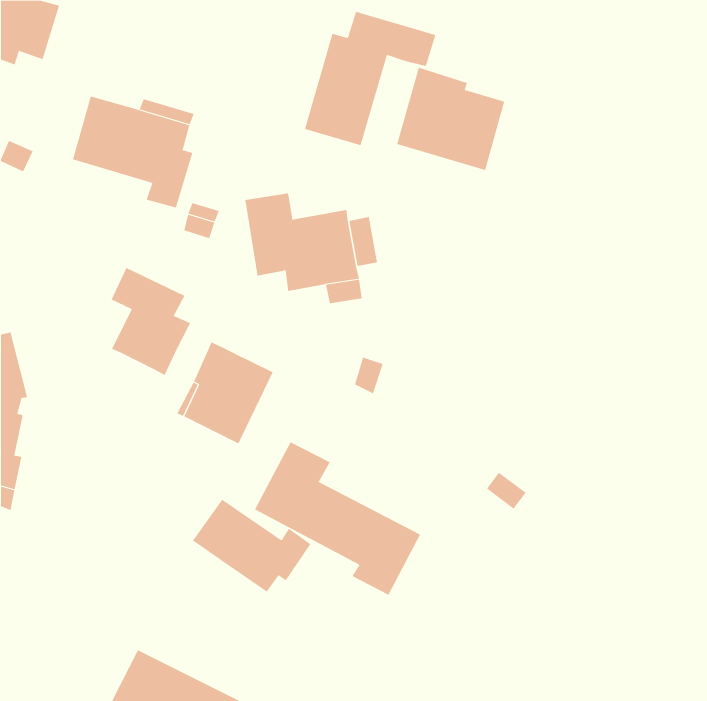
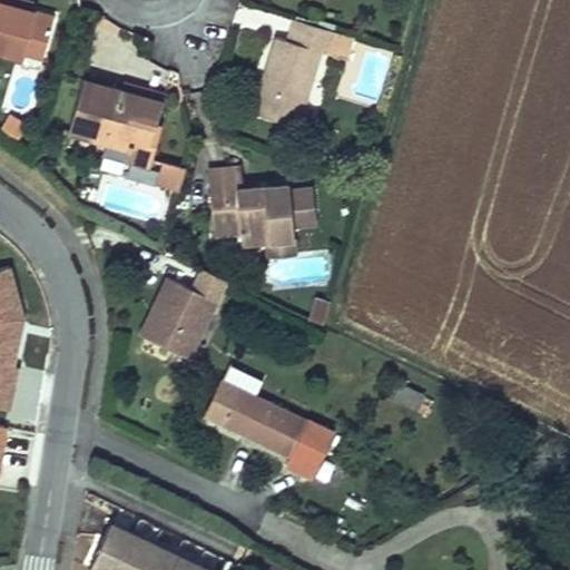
building: [396,67,505,171] -> none
building: [111,267,191,376] -> none
building: [192,499,311,592] -> none

